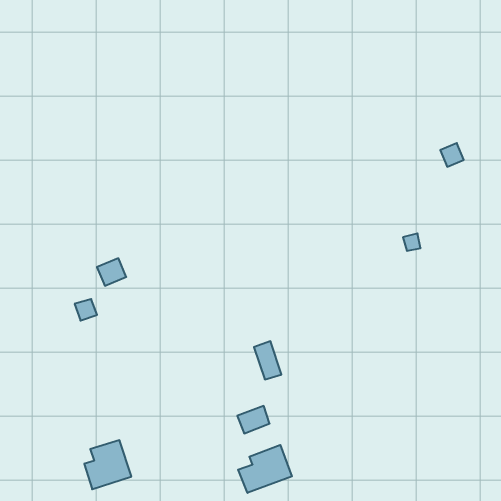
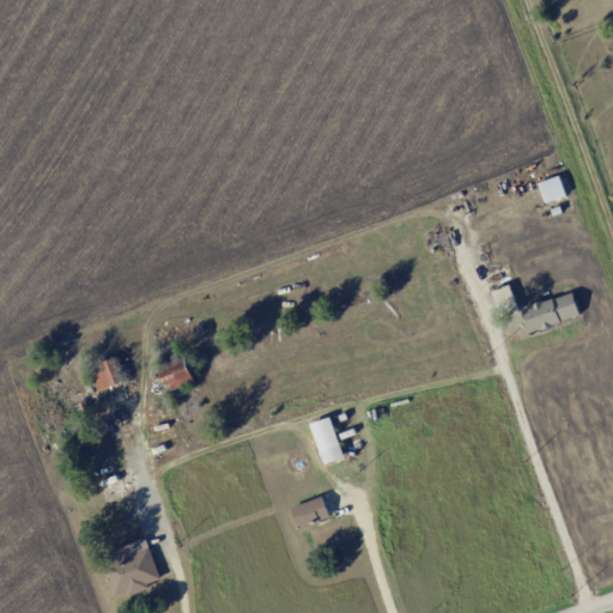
building: none -> [518,292,579,333]
building: [97,258,126,286] -> [158,358,194,392]
building: [238,445,292,493] -> none

